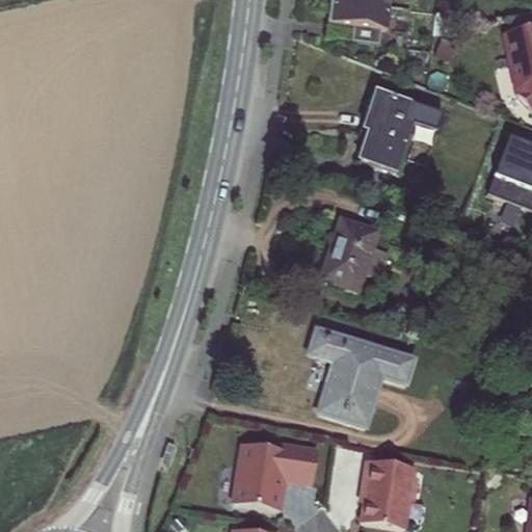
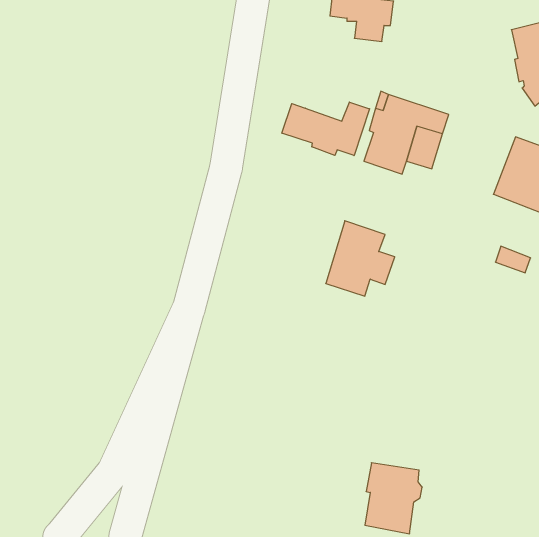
building: none -> [282,102,370,156]
building: [310,327,417,426] -> none
building: [231,440,314,506] -> none

